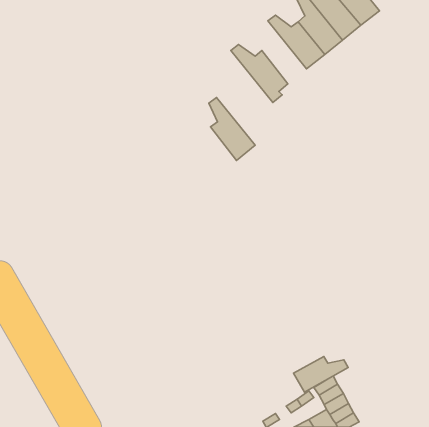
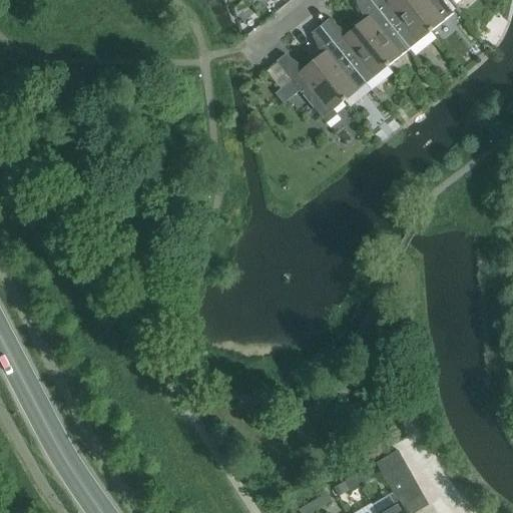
building: [209,97,255,160] -> [311,25,366,100]
building: [293,357,348,392] -> none

